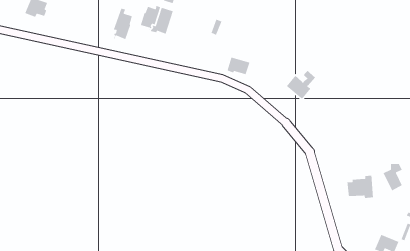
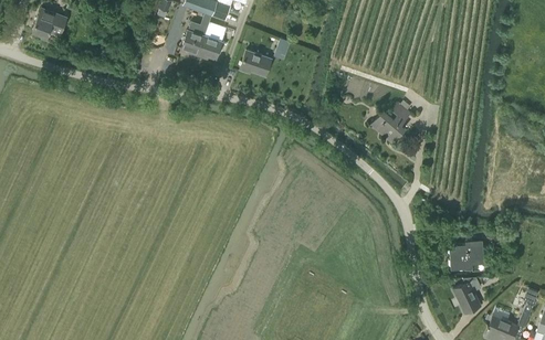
building: [113,7,133,40] -> none
building: [227,56,251,75] -> [240,51,271,75]
building: [382,163,403,191] -> [453,277,480,314]

